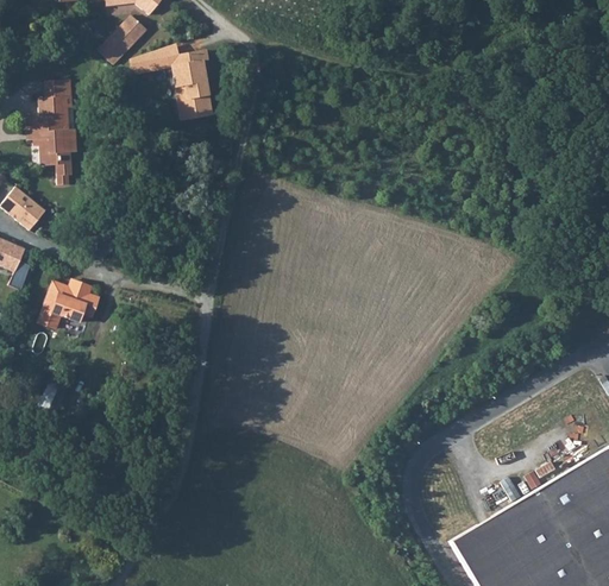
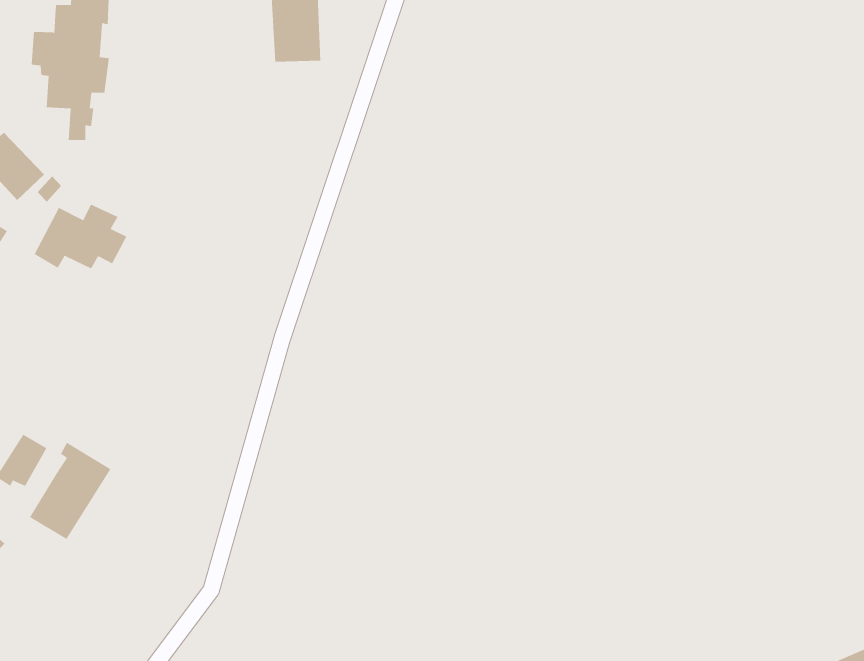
building: [40,281,99,324] -> [34,204,127,269]
building: none -> [29,442,111,540]

